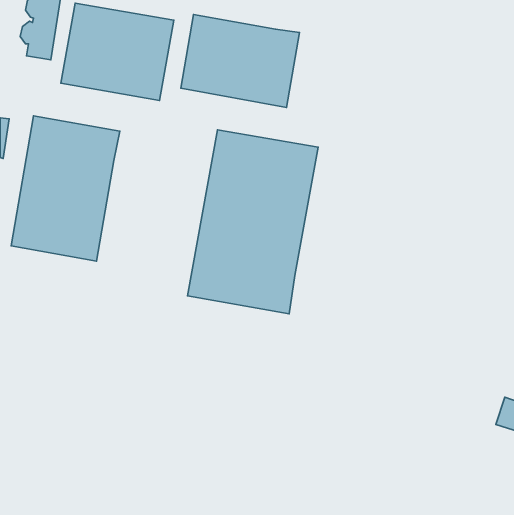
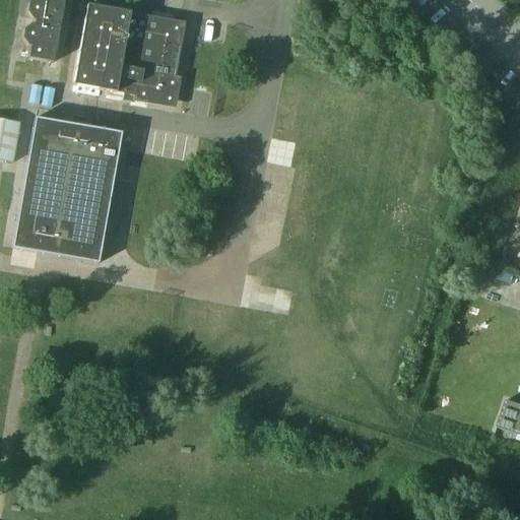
building: [181,14,300,107] -> none
building: [188,130,318,314] -> none

